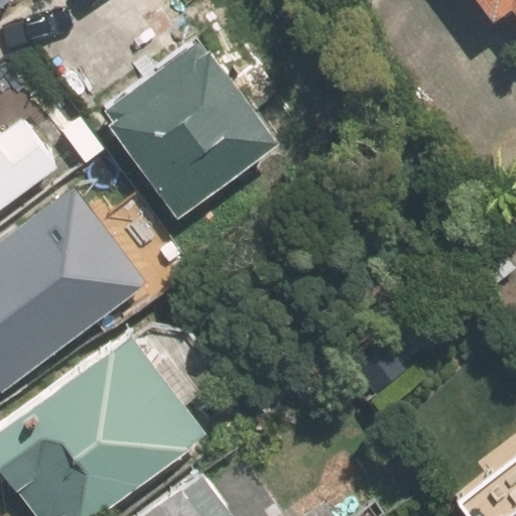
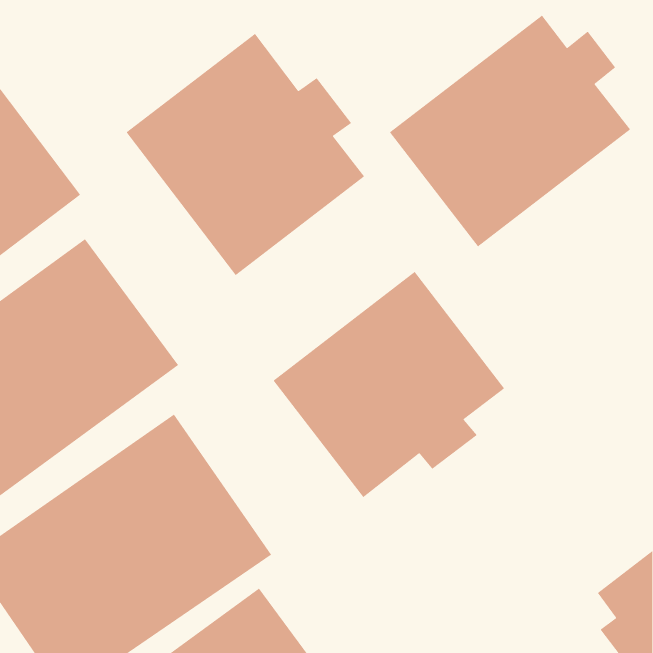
building: none -> [389,14,631,247]
building: none -> [273,271,505,498]

